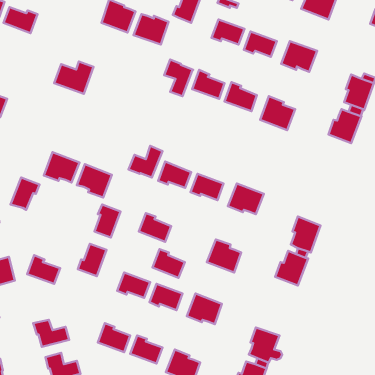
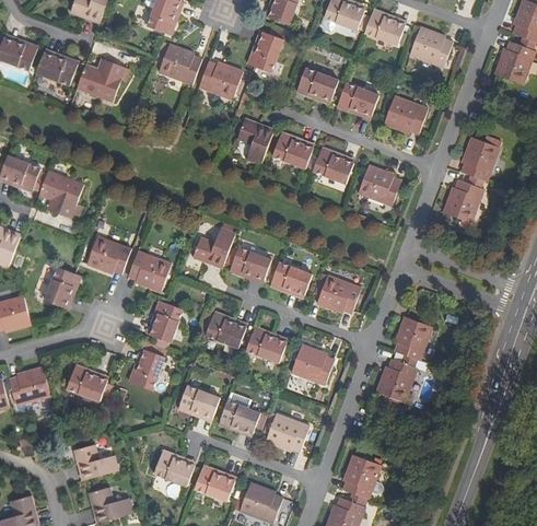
building: [54,61,94,94] -> [77,61,126,102]
building: none -> [39,170,84,218]
building: [152,249,185,278] -> [246,326,287,362]

